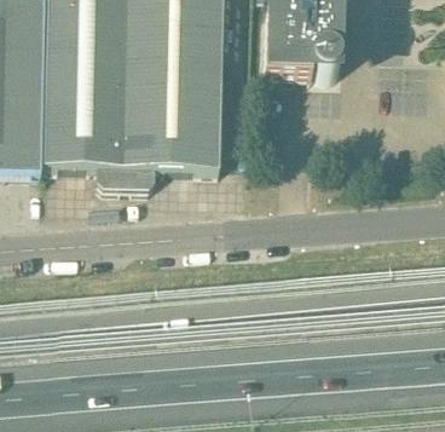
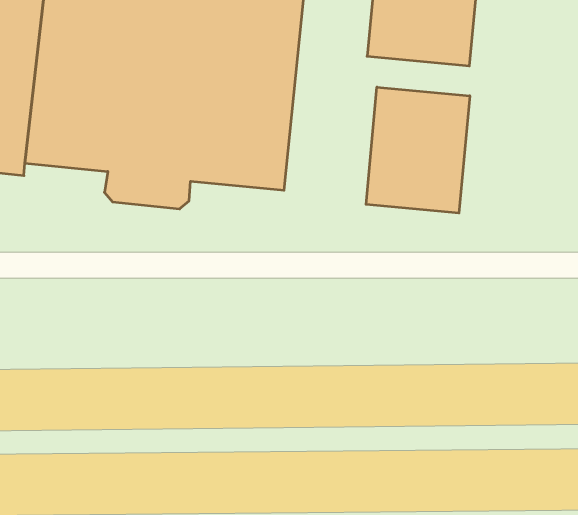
building: none -> [366,87,470,213]

